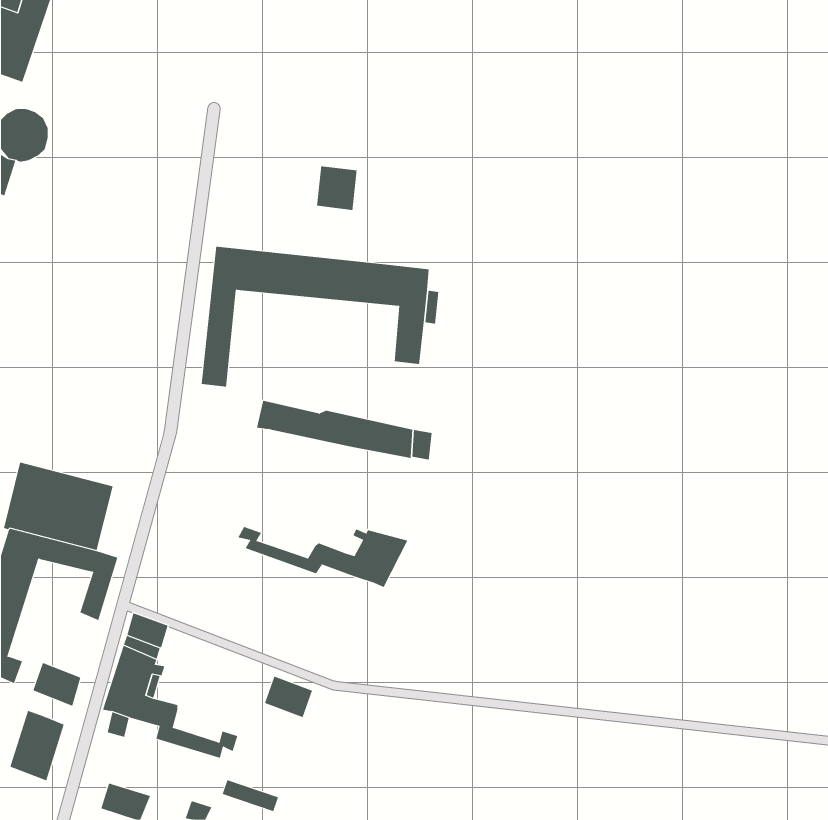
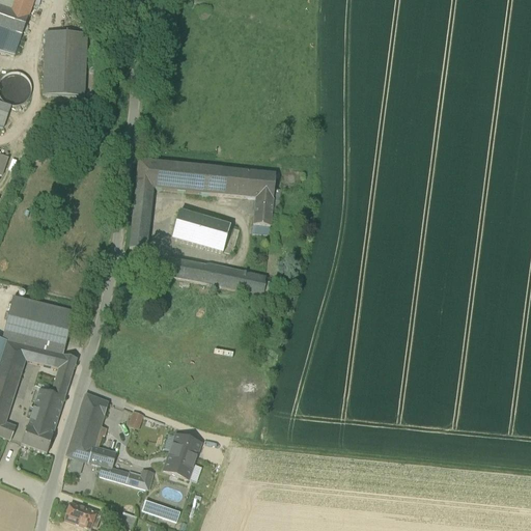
building: none -> [43,30,87,93]
building: [317,166,357,211] -> none
building: none -> [171,209,229,252]
building: [237,526,408,588] -> none
building: none -> [163,450,194,477]
building: [10,710,65,781] -> [28,388,63,434]

